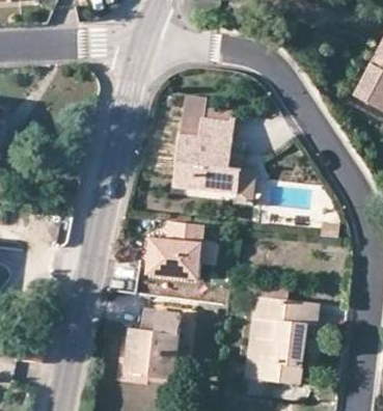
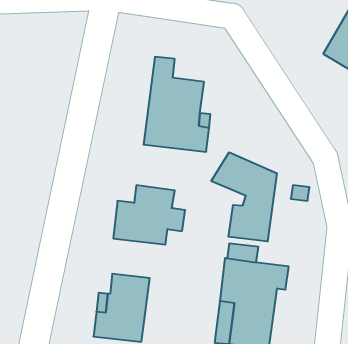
building: none -> [211,152,277,242]

